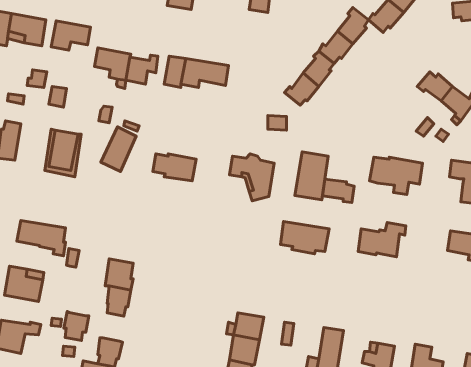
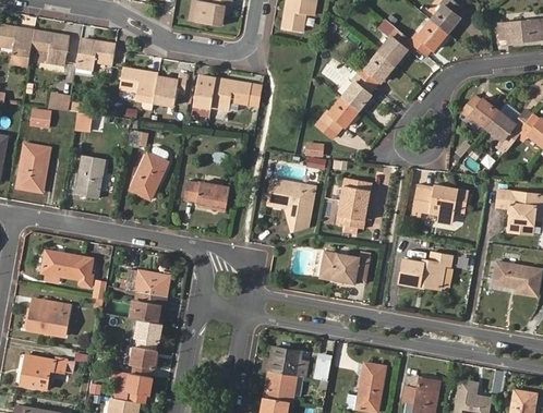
building: [322,179,354,203] -> none
building: none -> [125,269,169,296]
building: [64,312,89,341] -> [131,347,157,377]

